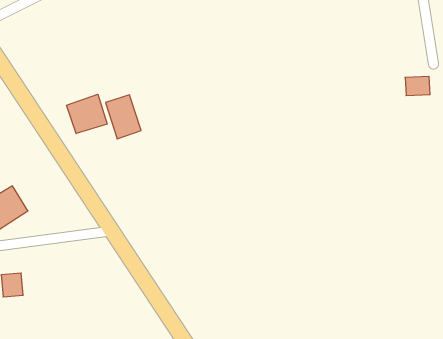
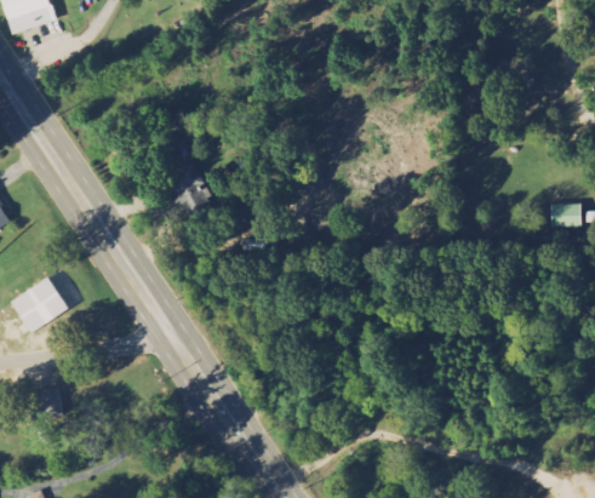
building: [405,76,430,96] -> [550,202,582,227]
building: [67,94,107,134] -> none

